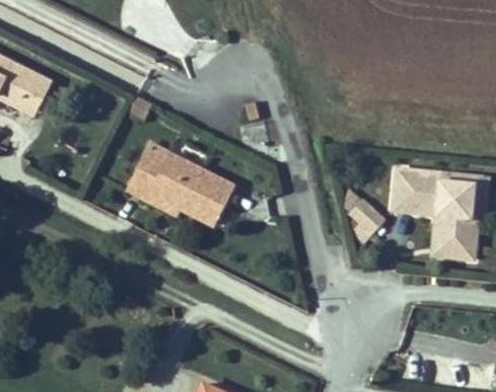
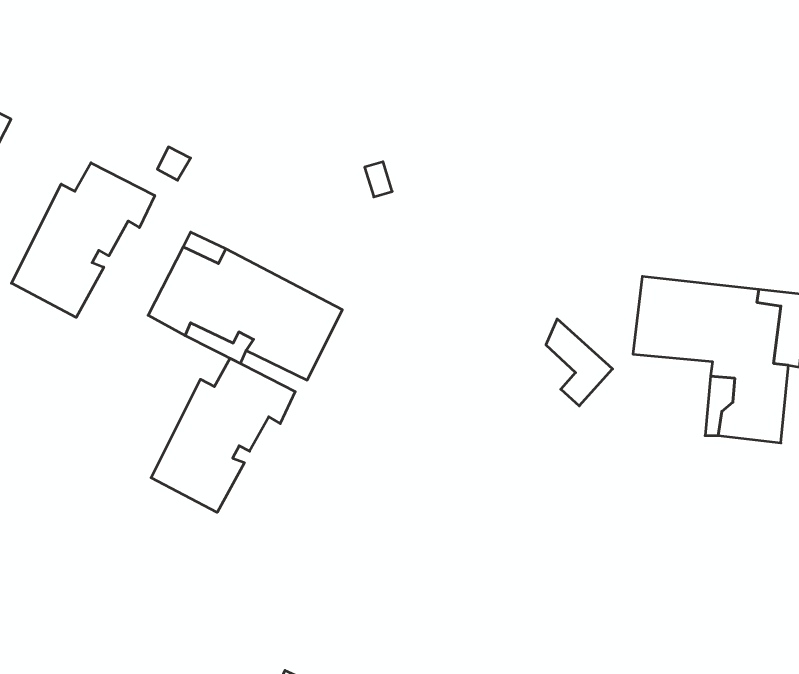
building: none -> [11,163,155,317]
building: none -> [151,358,295,512]

